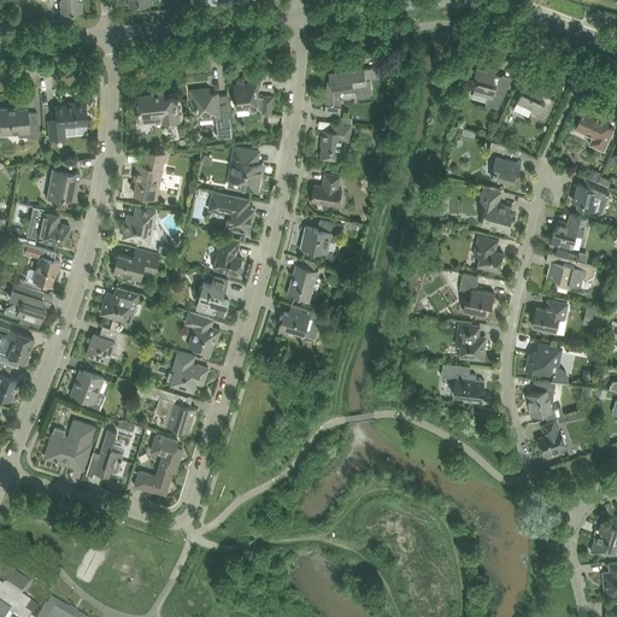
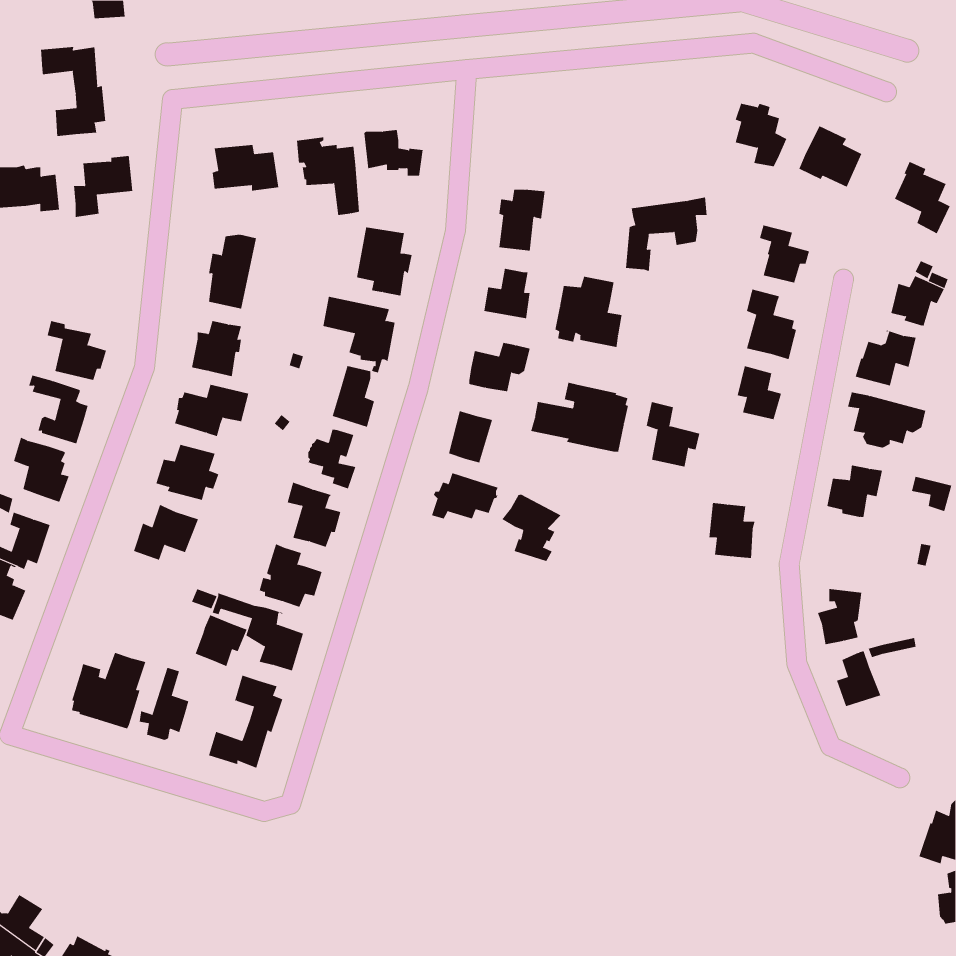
building: none -> [40,46,106,137]
building: [324,67,377,116] -> [625,197,708,272]
building: [45,160,80,201] -> none
building: none -> [555,276,622,348]
building: none -> [530,382,628,453]
building: [459,274,494,316] -> [646,402,700,467]
building: none -> [502,494,562,562]
building: [525,343,560,374] -> none
building: [441,364,484,402] -> none
building: [70,369,104,402] -> [195,614,247,667]

